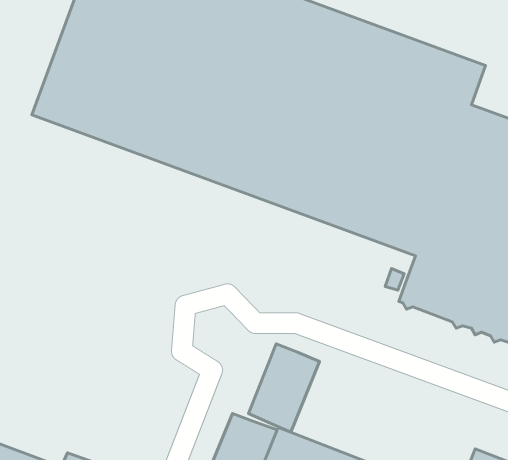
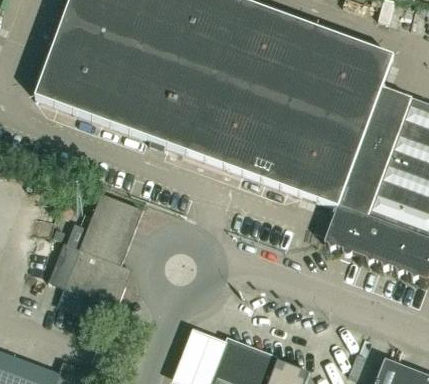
building: none -> [48,191,143,307]
building: [249,344,319,432] -> none

